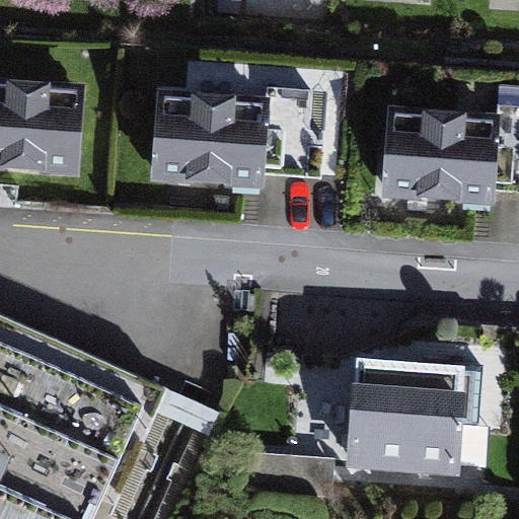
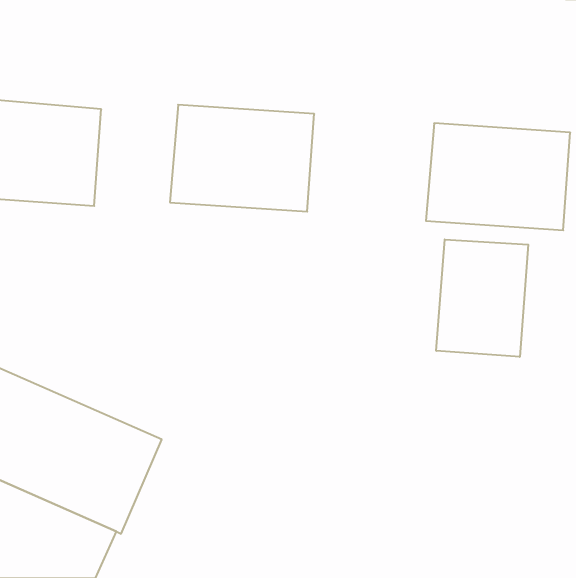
building: none -> [436,239,528,357]
building: [331,355,474,477] -> none

